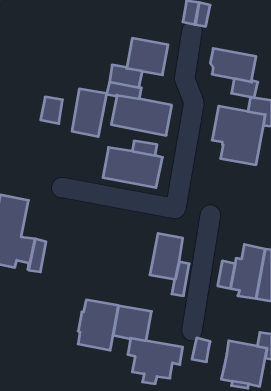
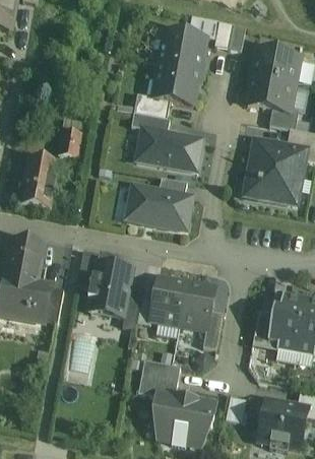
building: none -> [159,29,205,71]
building: none -> [248,49,301,84]
building: [72,89,107,137] -> [19,156,58,209]
building: none -> [150,275,187,326]
building: [78,300,118,350] -> [87,262,132,318]

